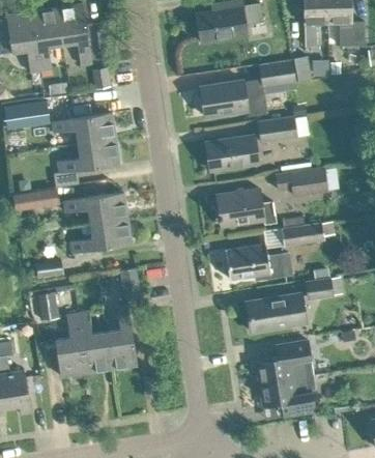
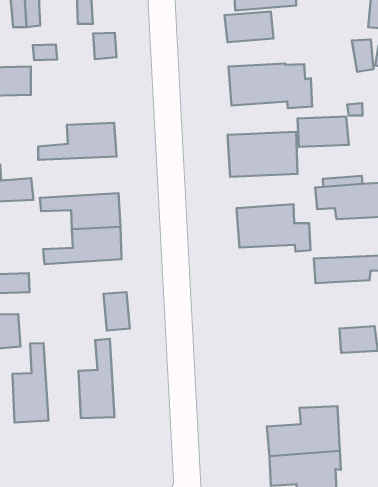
building: [257,60,296,87] -> [225,11,273,42]
building: [52,113,115,144] -> none
building: [224,244,293,281] -> none
building: [246,293,305,332] -> none
building: [77,312,111,373] -> none

